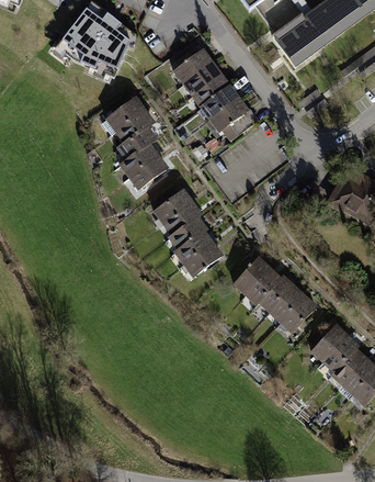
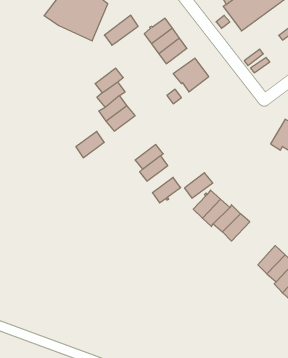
building: [203,87,238,117] -> none
building: [102,98,143,134] -> [104,15,138,45]
building: [157,190,191,222] -> [76,131,104,158]
building: [178,231,212,261] -> [185,173,213,198]
building: [282,296,315,329] -> none

